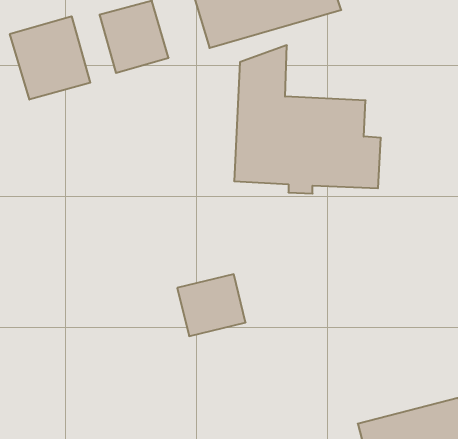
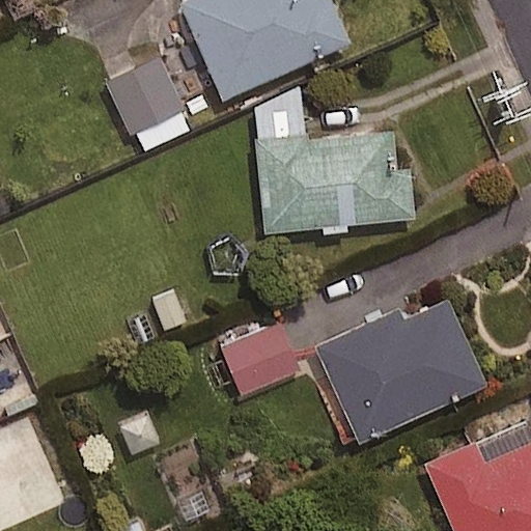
building: [10,16,90,100] -> none
building: none -> [316,299,484,441]

